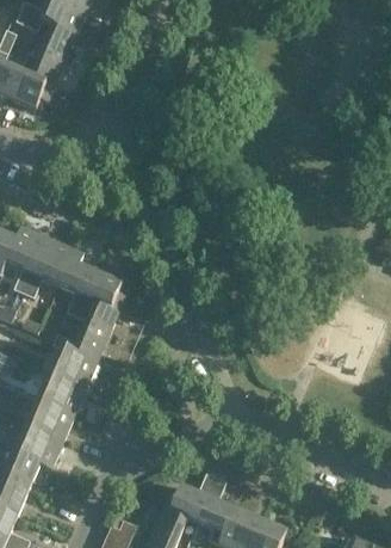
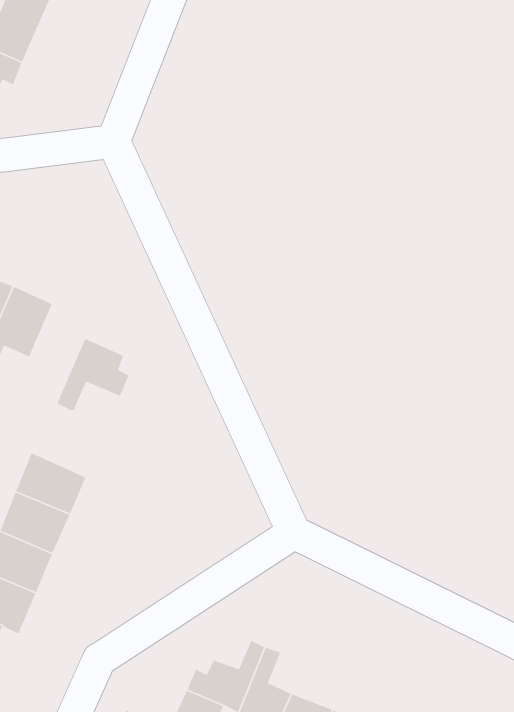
building: [58,247,95,314] -> none
building: [52,300,119,363] -> none

